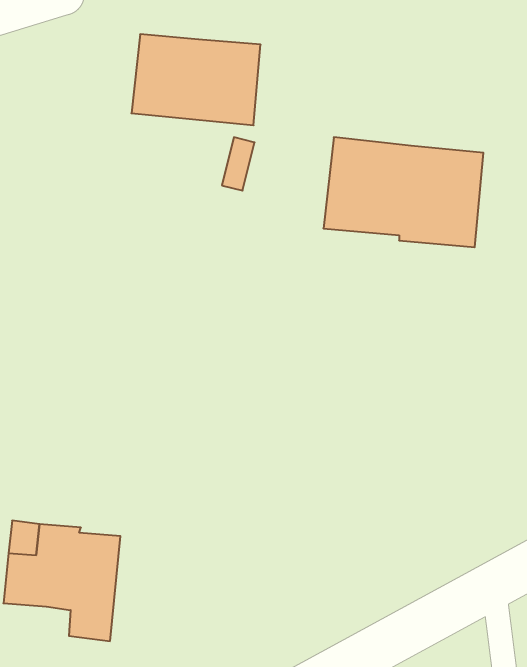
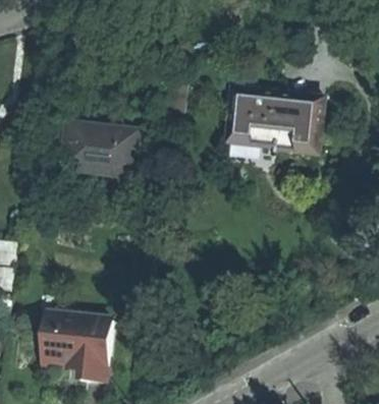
building: [131,34,261,125] -> [62,120,139,174]

